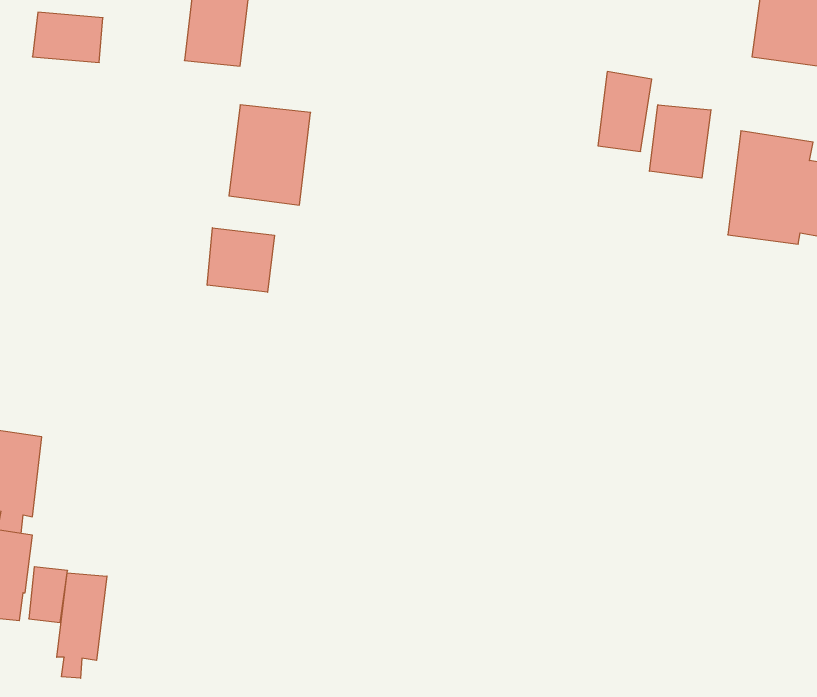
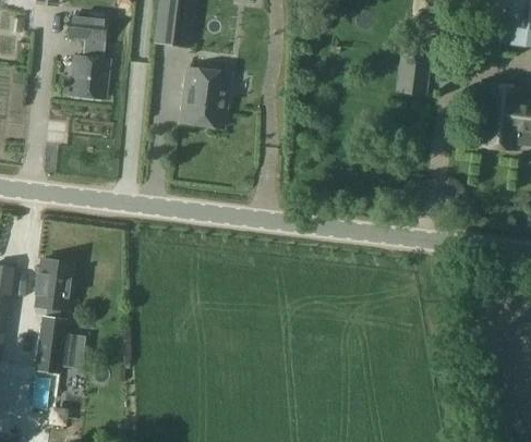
building: none -> [69,57,108,97]
building: [649,105,711,178] -> none
building: [207,228,274,292] -> none
building: [57,573,107,678] -> none

